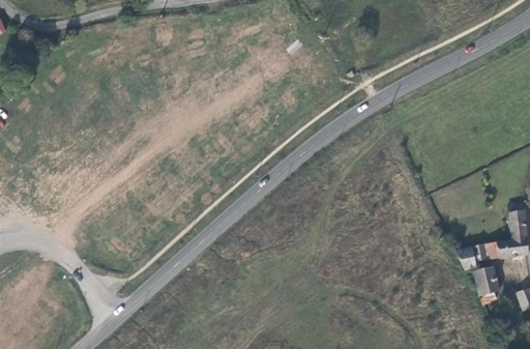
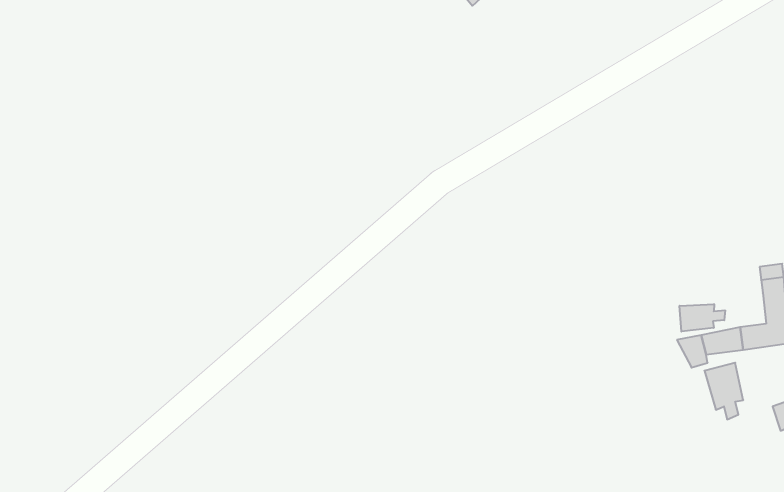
building: none -> [680,304,725,332]

